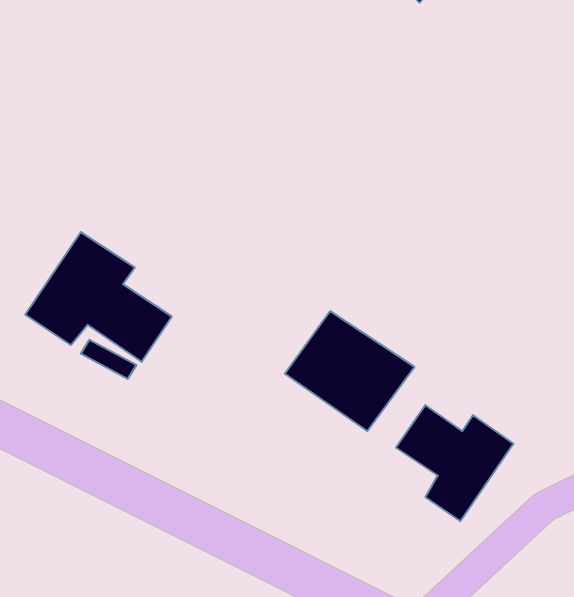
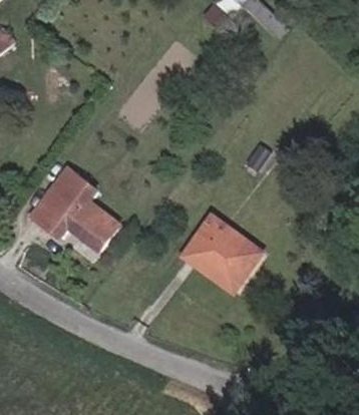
building: [396,405,514,521] -> none

